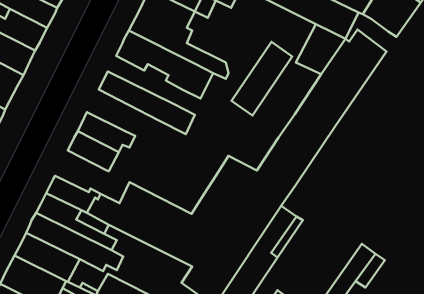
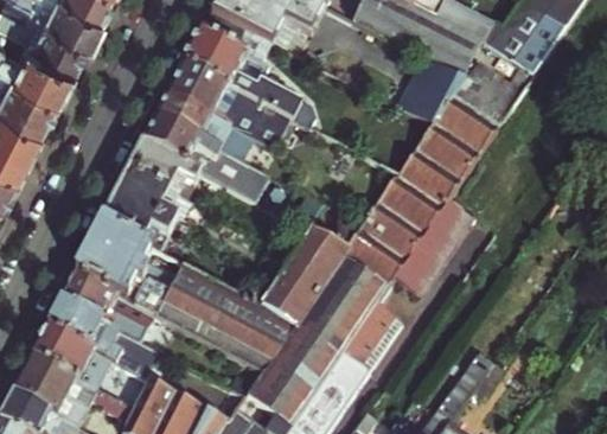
building: [231,42,292,115] -> [398,187,478,283]
building: none -> [153,96,250,159]
building: none -> [126,140,219,194]
building: none -> [84,219,152,276]

